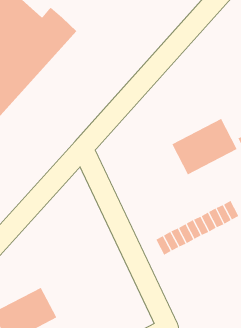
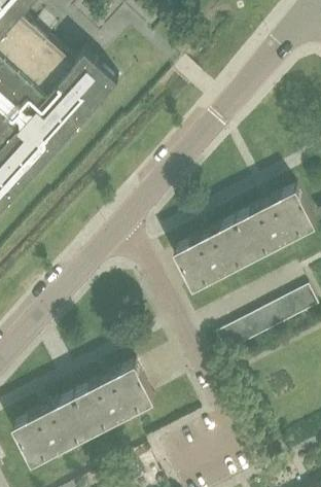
building: none -> [172,220,252,289]
building: none -> [72,364,153,433]

